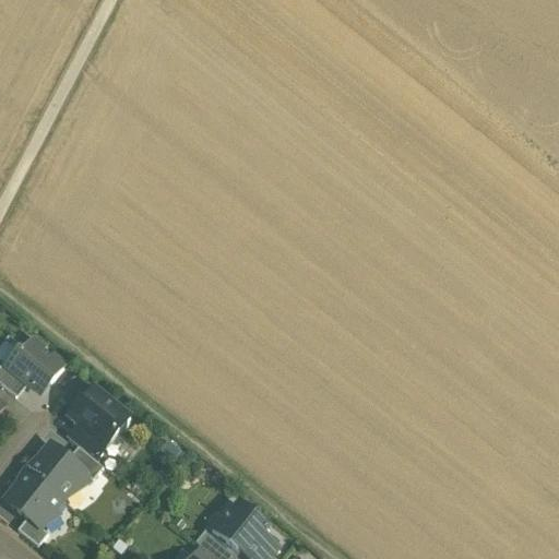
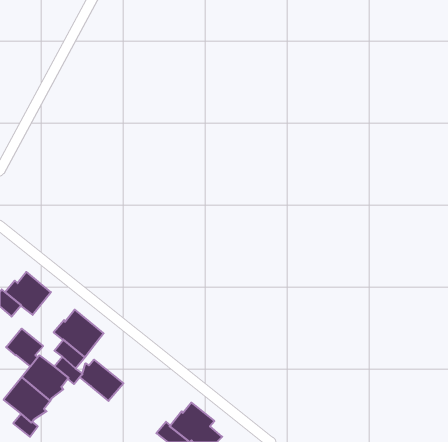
building: none -> [6,329,43,366]
building: none -> [80,360,123,401]

